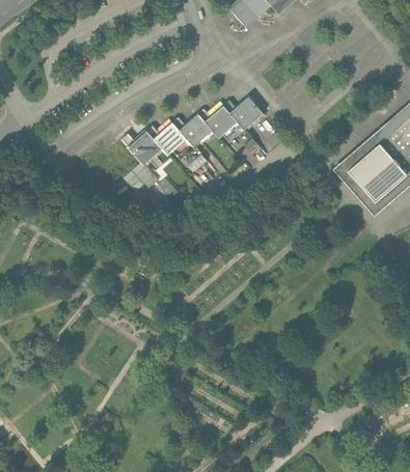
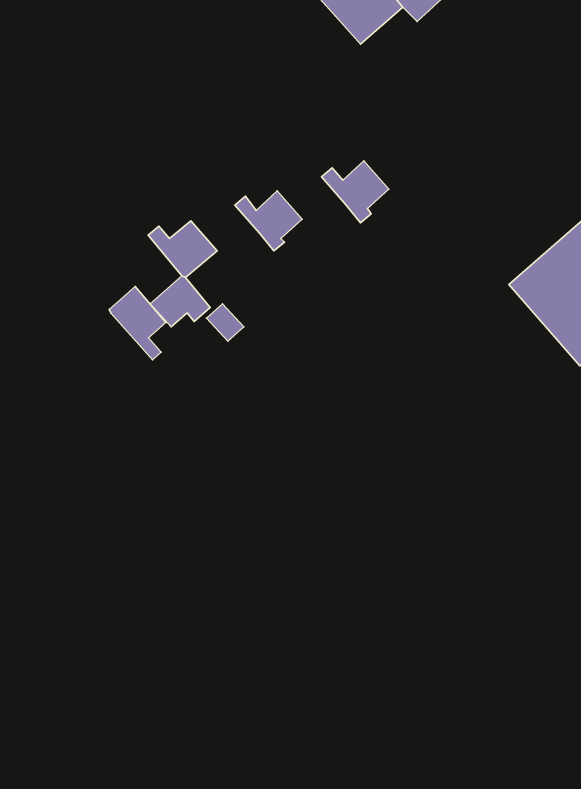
building: [198,105,239,138] -> none
building: [147,121,188,155] -> none
building: none -> [109,286,166,360]

